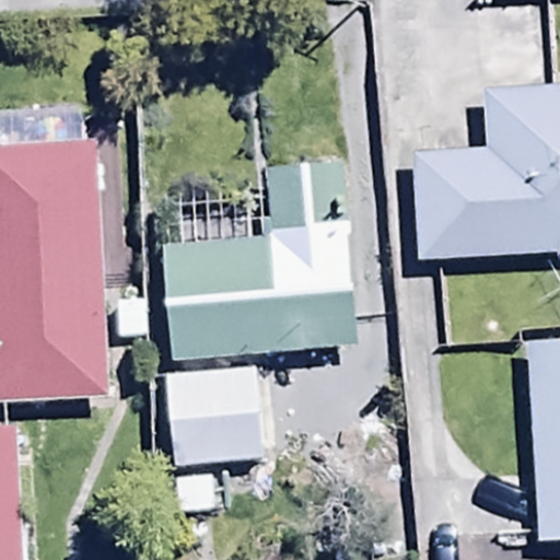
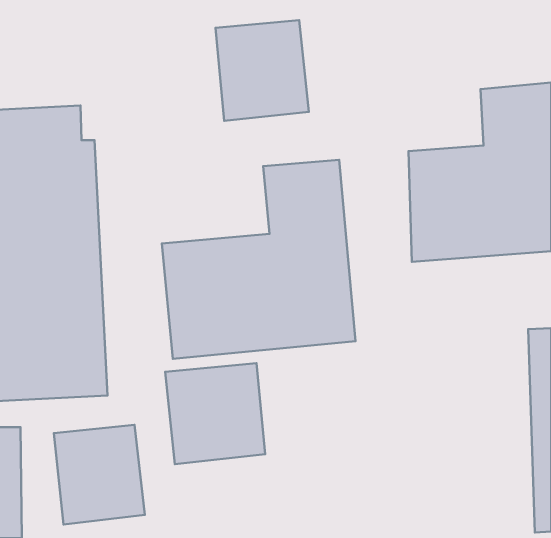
building: none -> [215,20,309,121]
building: none -> [54,425,145,524]

